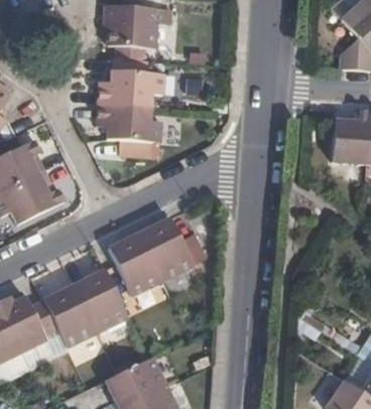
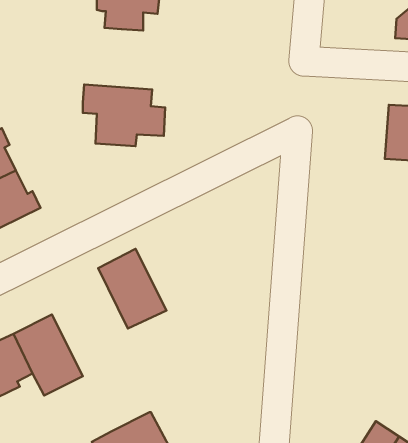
building: [97,58,163,107] -> none
building: [137,217,205,280] -> none
building: [72,268,127,331] -> none

